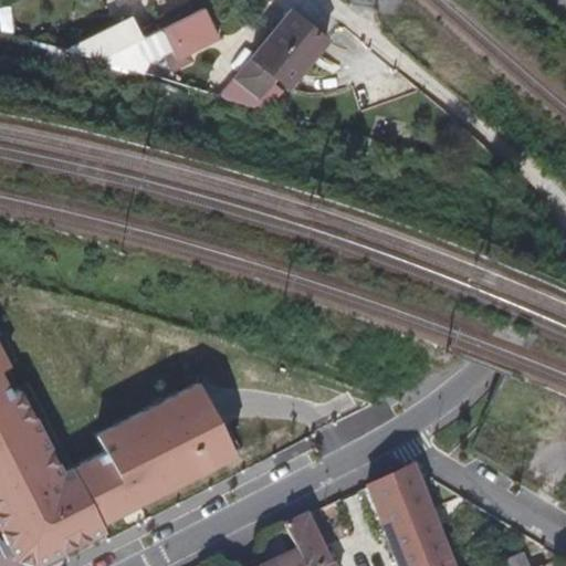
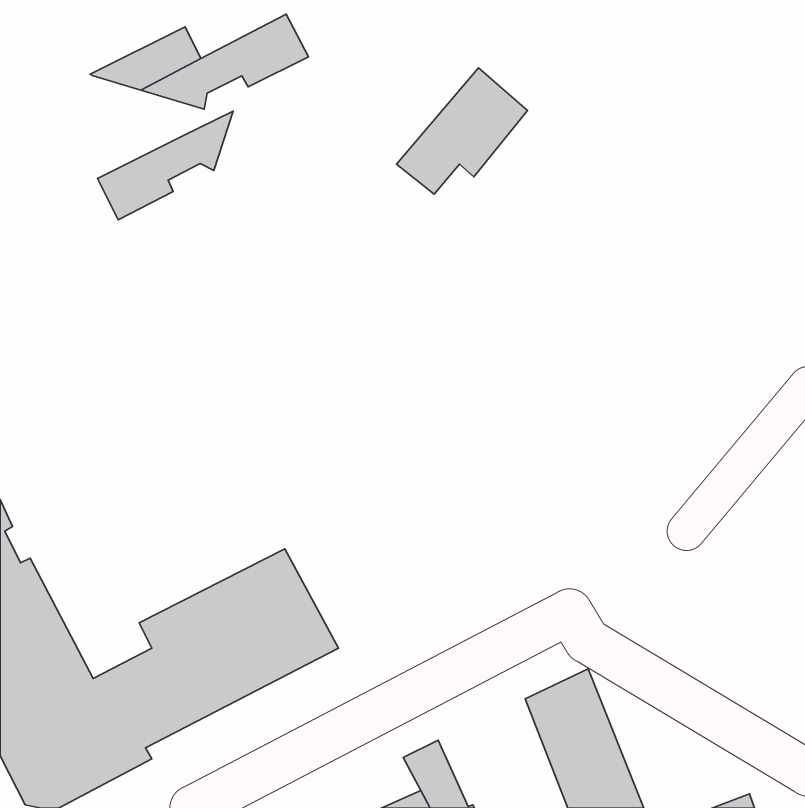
building: [233,12,325,101] -> [396,68,528,194]
building: none -> [97,111,233,220]

